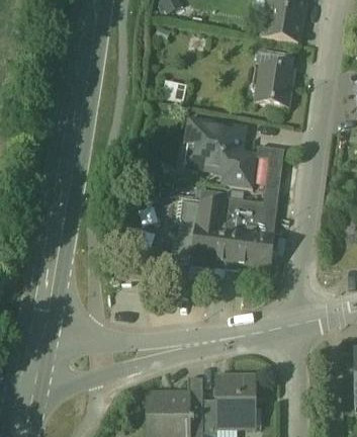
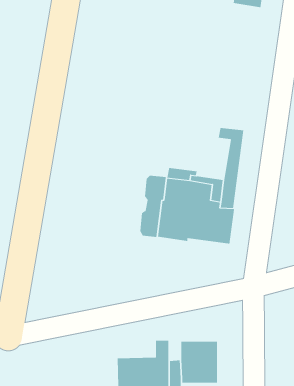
building: [262,15,292,38] -> none
building: [257,62,292,103] -> none
building: [187,119,256,186] -> none

